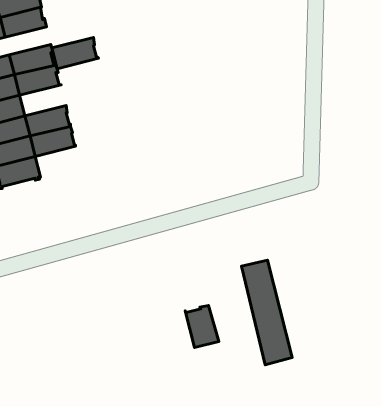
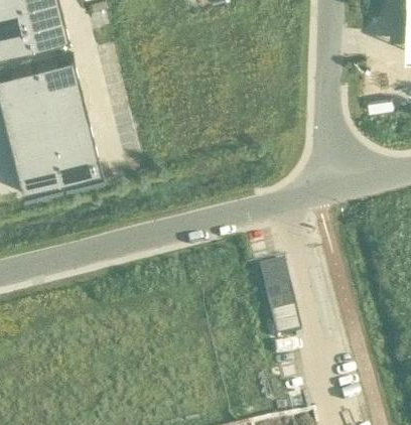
building: [52,38,99,69] -> [40,91,86,121]
building: none -> [55,150,102,181]
building: [185,305,219,348] -> none

